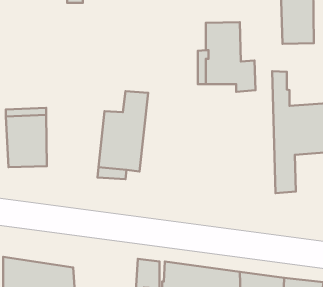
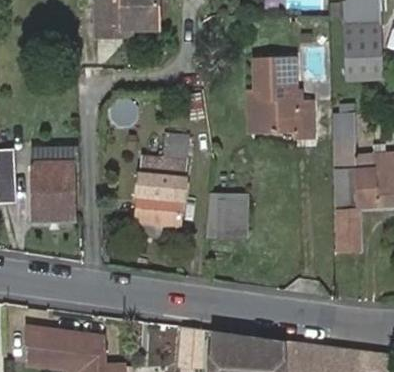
building: none -> [207,194,247,237]

